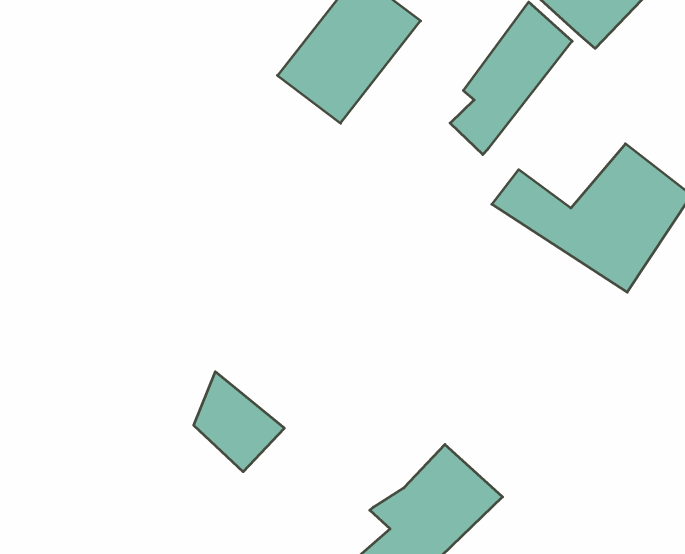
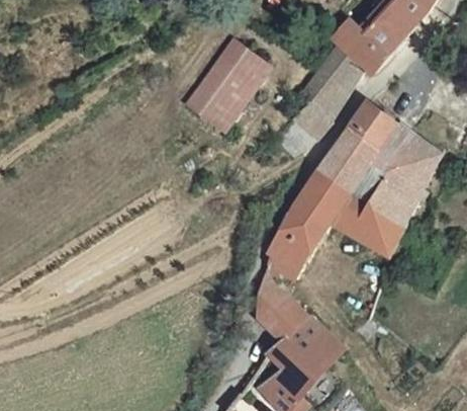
building: none -> [337,104,399,167]
building: none -> [270,169,408,273]
building: [194,372,284,472] -> [253,285,307,344]

